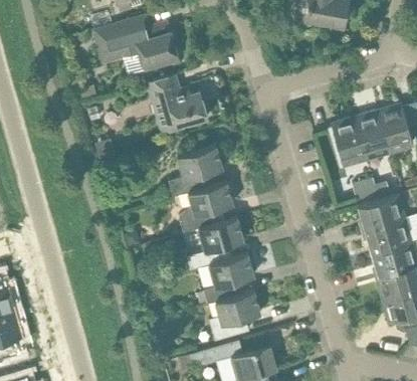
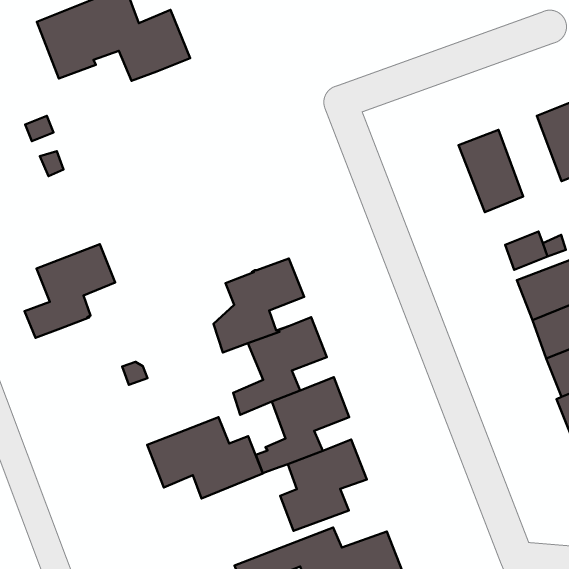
building: [148,74,209,132] -> none
building: [356,112,390,158] -> none
building: [169,146,223,197] -> [25,244,115,338]
building: none -> [147,417,263,498]

